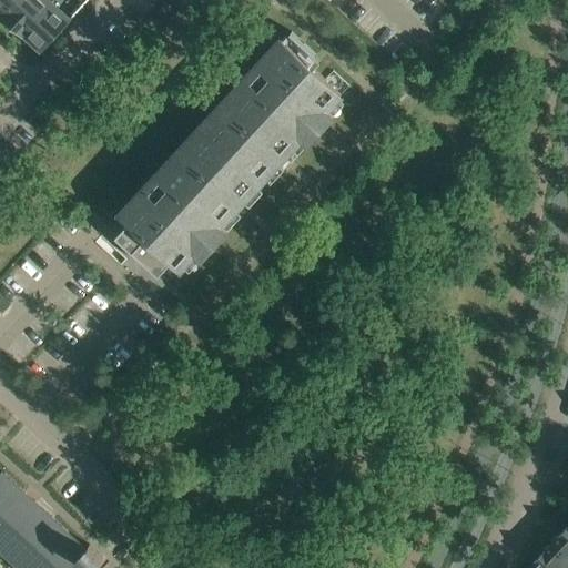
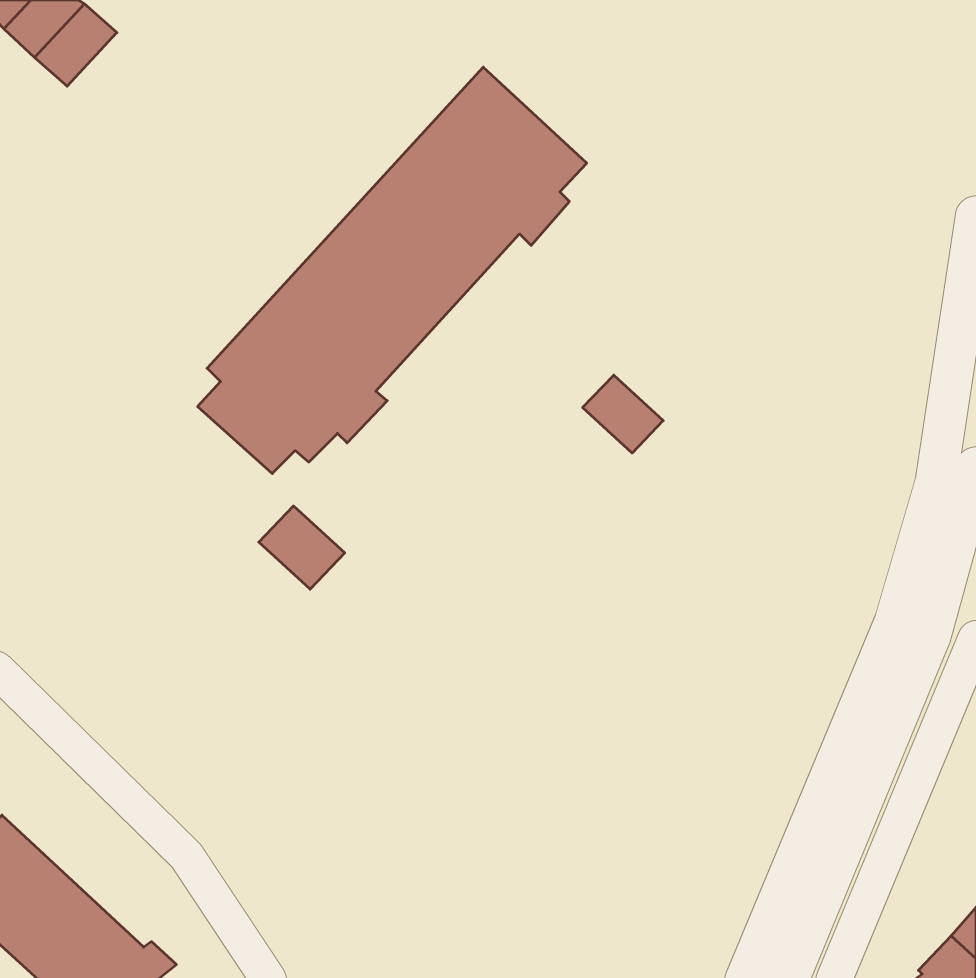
building: none -> [583,375,663,453]
building: none -> [259,506,345,589]

